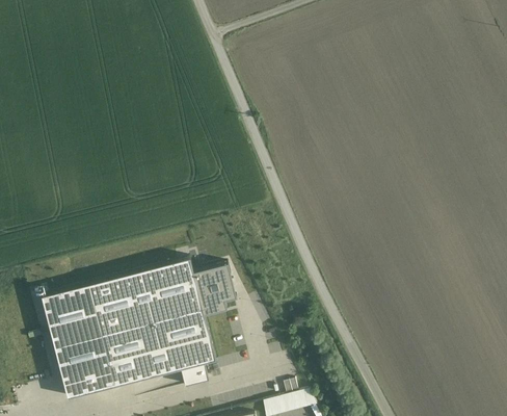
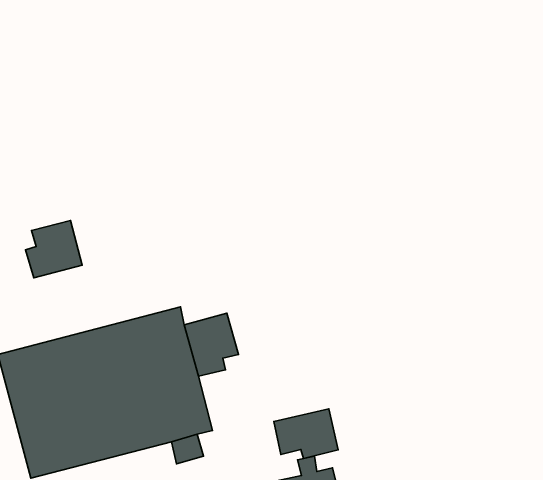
building: none -> [26,221,82,278]
building: none -> [274,409,338,459]

